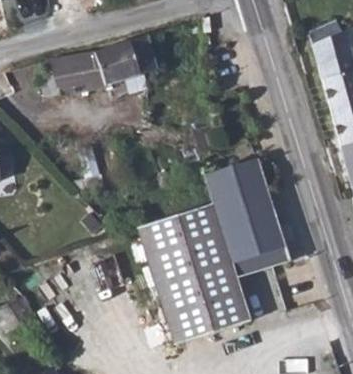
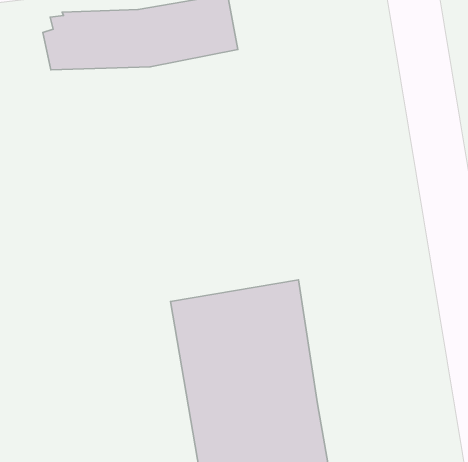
building: [205,159,290,277] -> none

